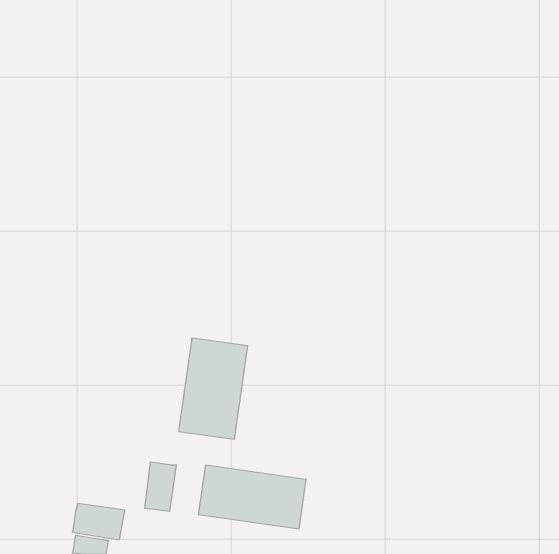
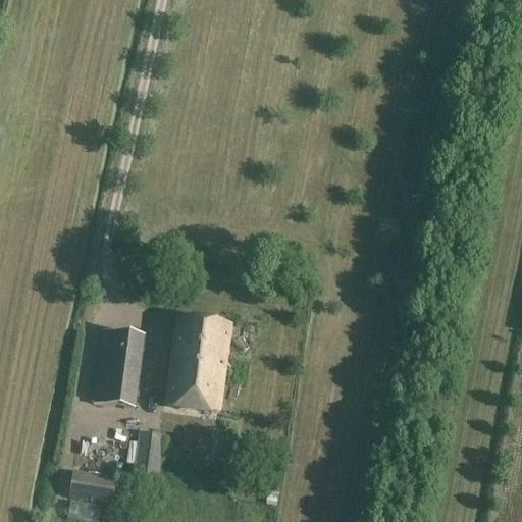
building: none -> [93,328,147,407]
building: [199,465,306,529] -> none

